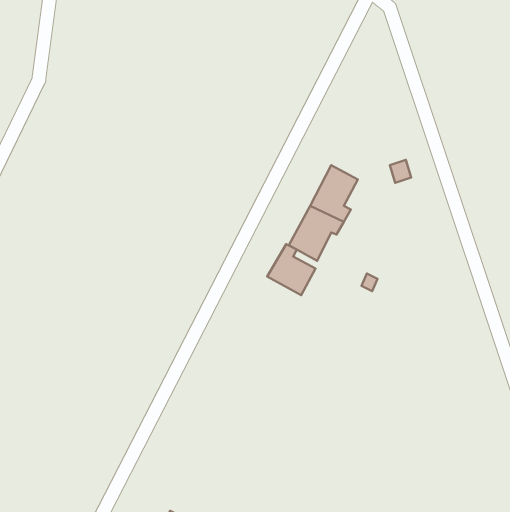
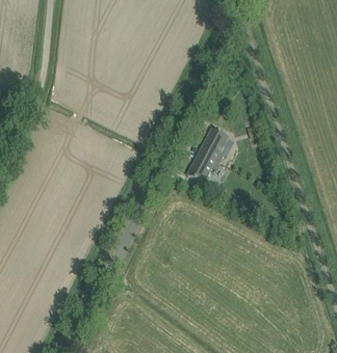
building: [267,244,316,295] -> none

